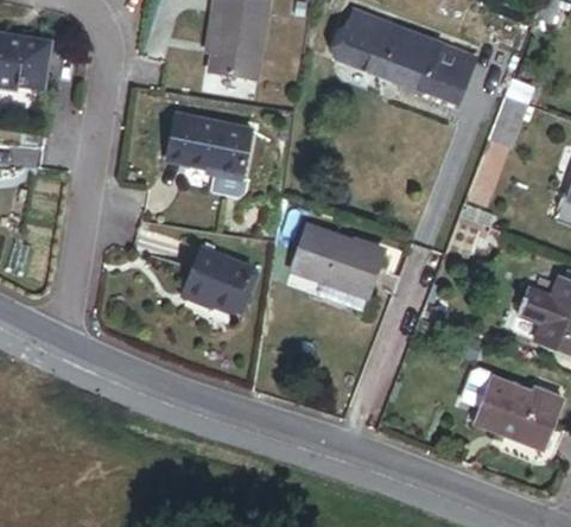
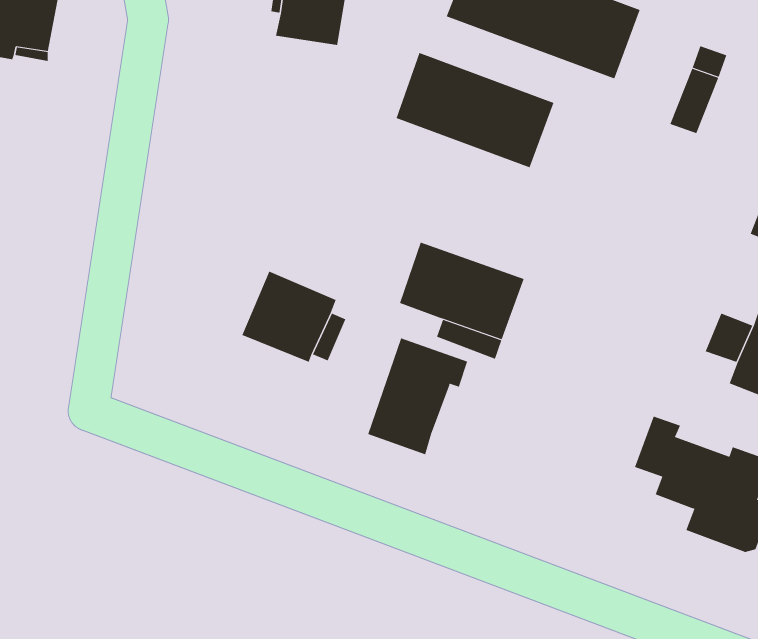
building: none -> [396,52,554,168]
building: [164,113,247,198] -> none
building: none -> [368,338,468,455]

